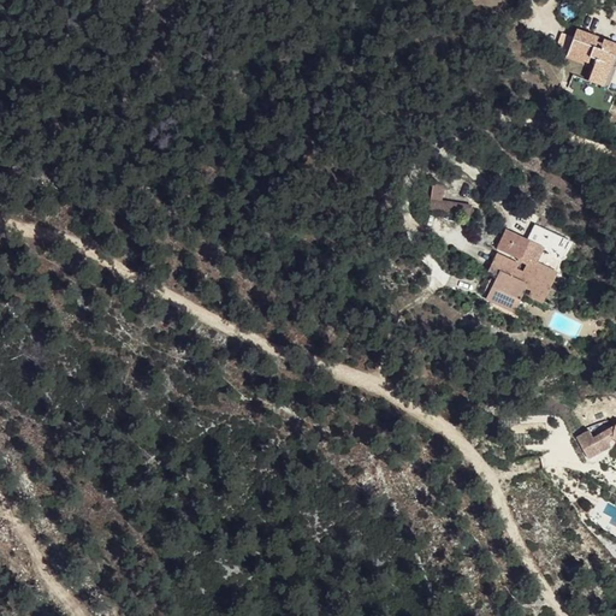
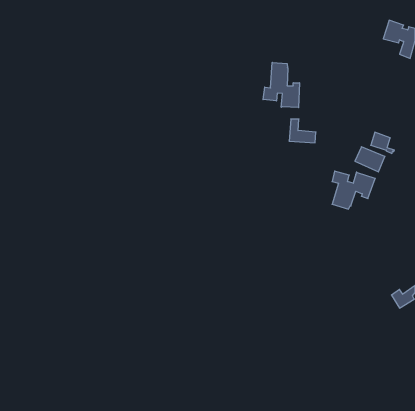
building: none -> [263,62,299,108]
building: [496,227,531,259] -> [371,132,394,153]

